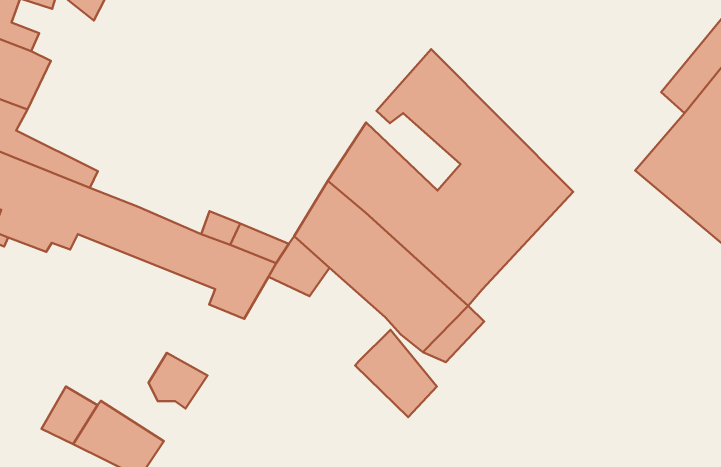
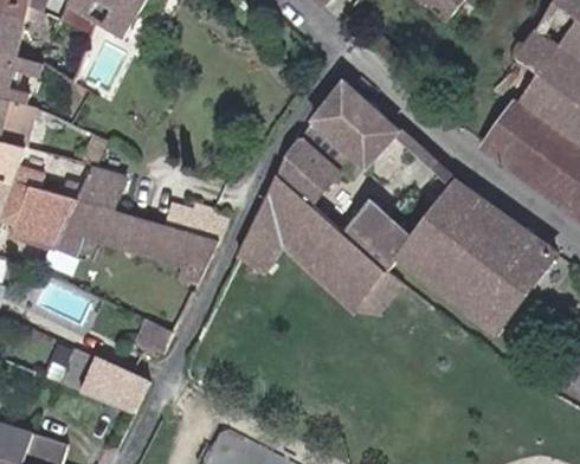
building: none -> [86,174,133,213]
building: none -> [387,173,546,326]
building: [355,330,437,417] -> none

